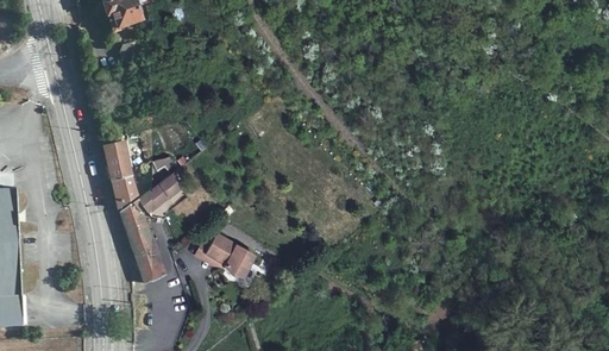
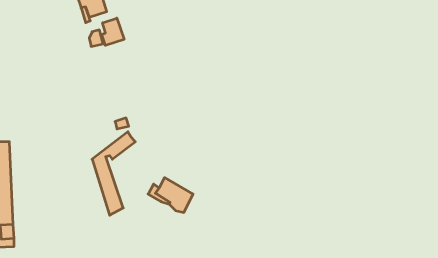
building: none -> [102,18,124,45]
building: [105,143,136,209] -> none

